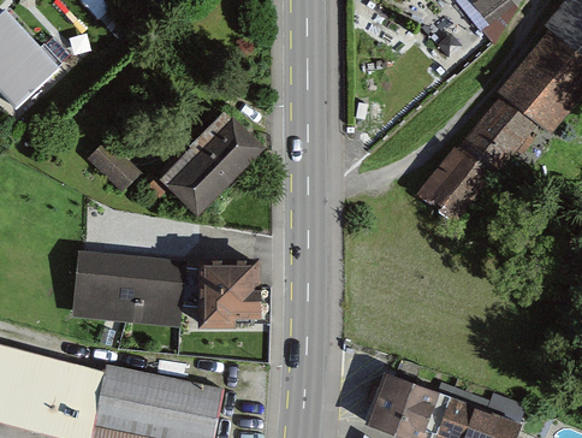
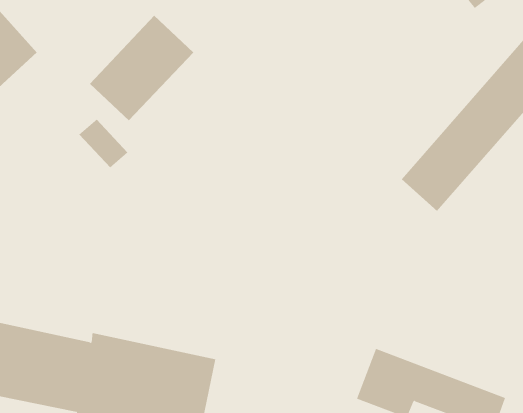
building: [154,118,259,224] -> [89,15,194,121]
building: [75,261,182,327] -> none
building: [194,268,256,331] -> none

